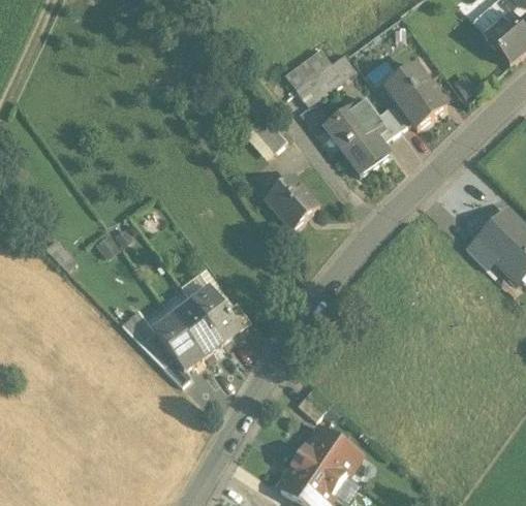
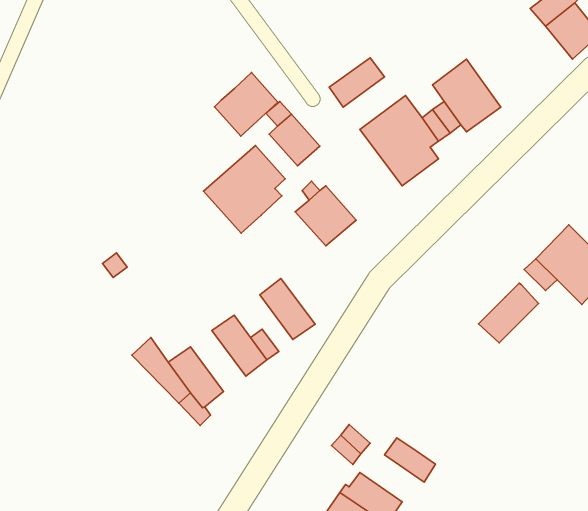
building: [285,49,331,88] -> none
building: none -> [215,73,278,136]
building: none -> [204,145,285,233]
building: none -> [479,283,539,343]
building: [173,302,221,355] -> [260,278,315,339]
building: none -> [384,438,435,482]

